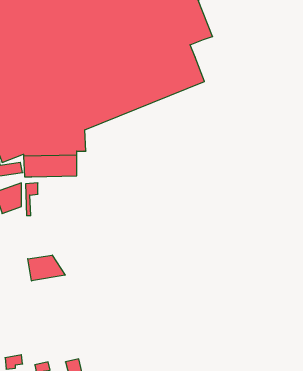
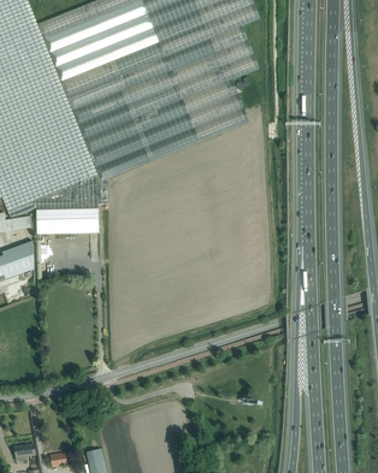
building: [28,255,65,281] -> none

